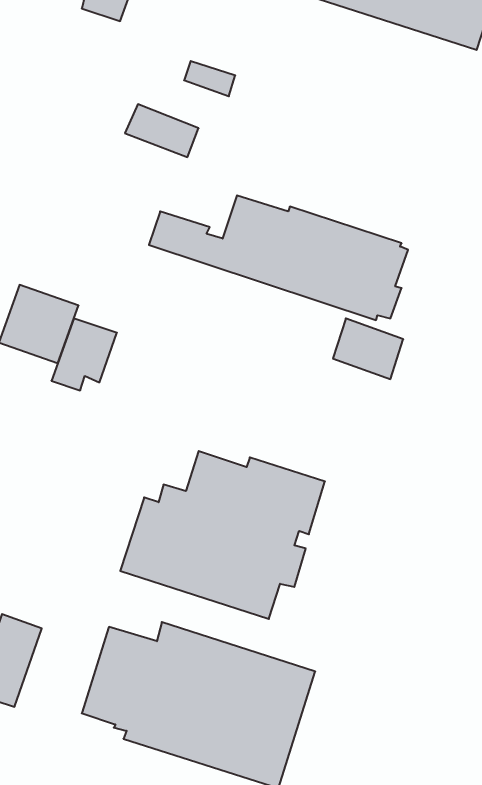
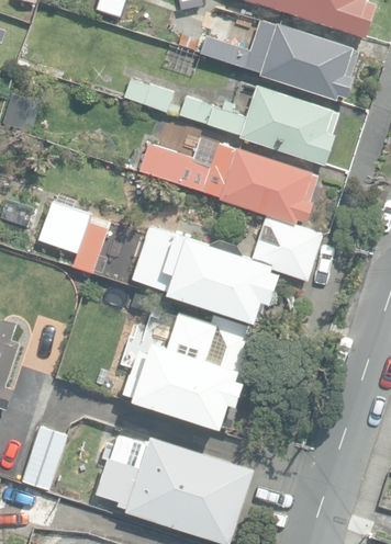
building: none -> [199,20,357,100]
building: none -> [179,84,337,165]
building: none -> [132,226,279,321]

